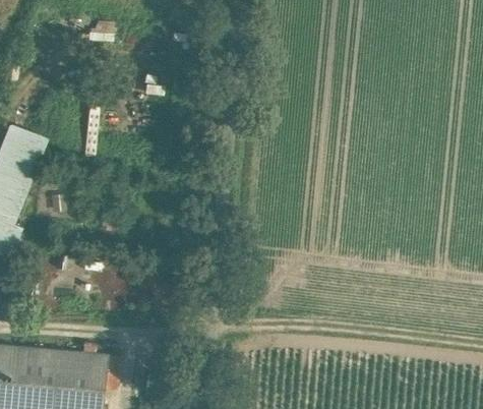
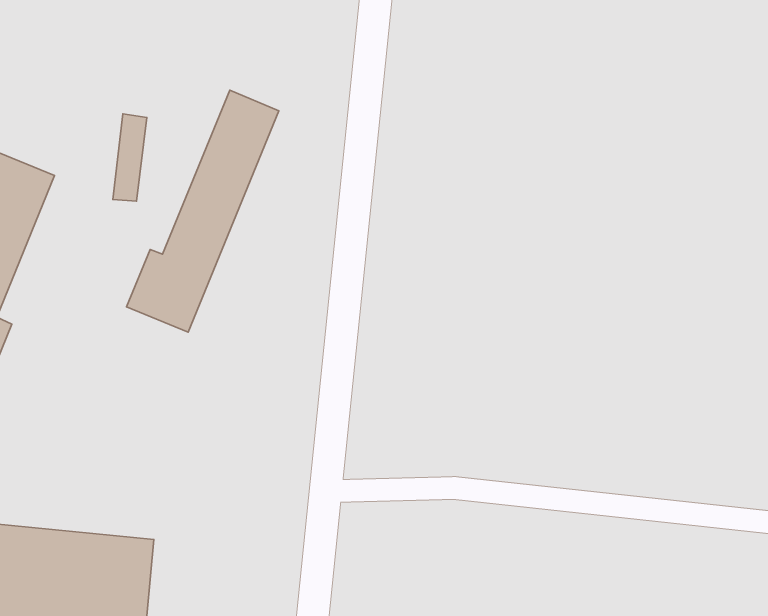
building: none -> [127,90,279,332]

